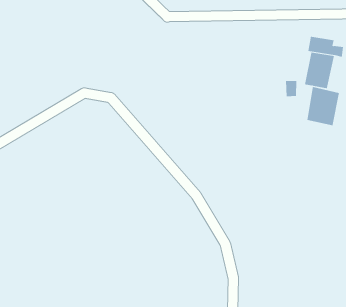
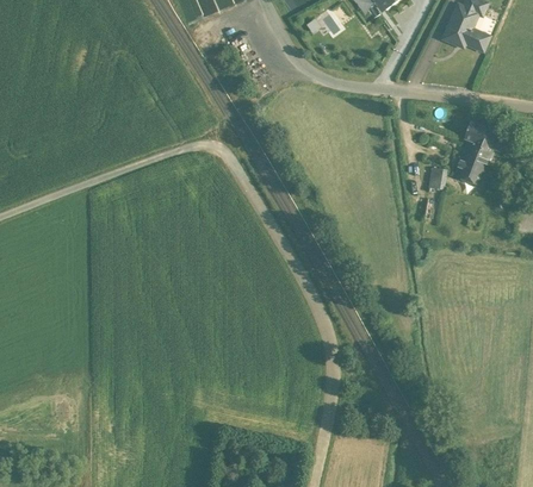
building: [307,86,340,126] -> none

